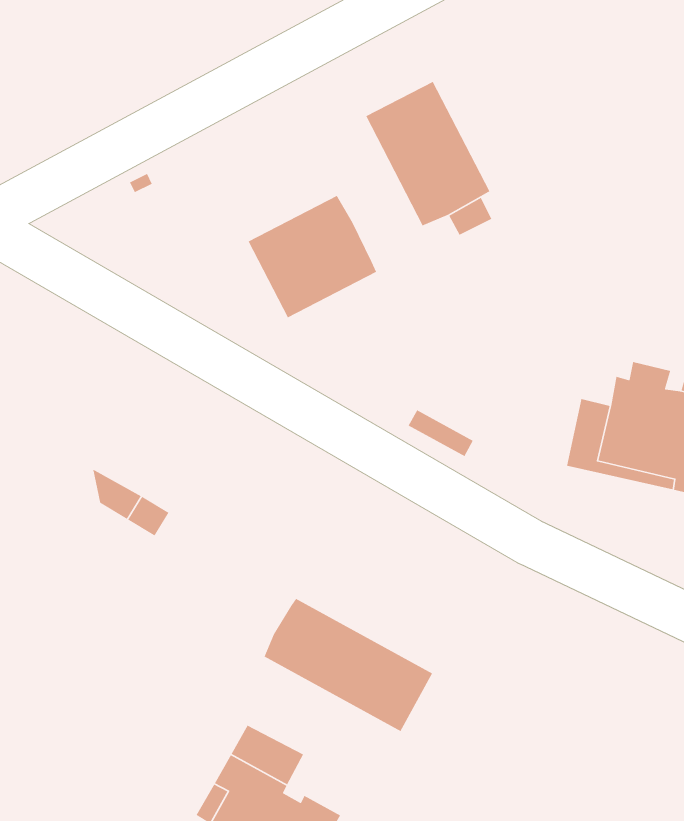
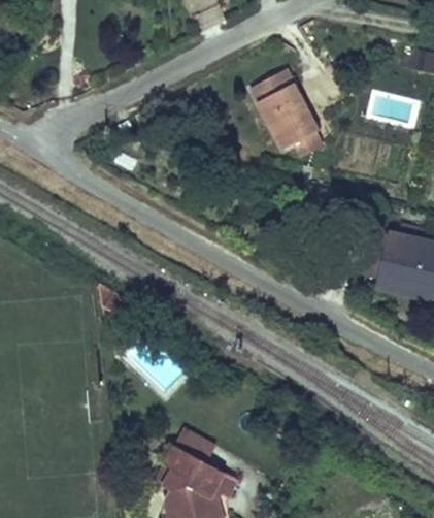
building: [247,195,377,318] -> none
building: [264,598,433,732] -> none

